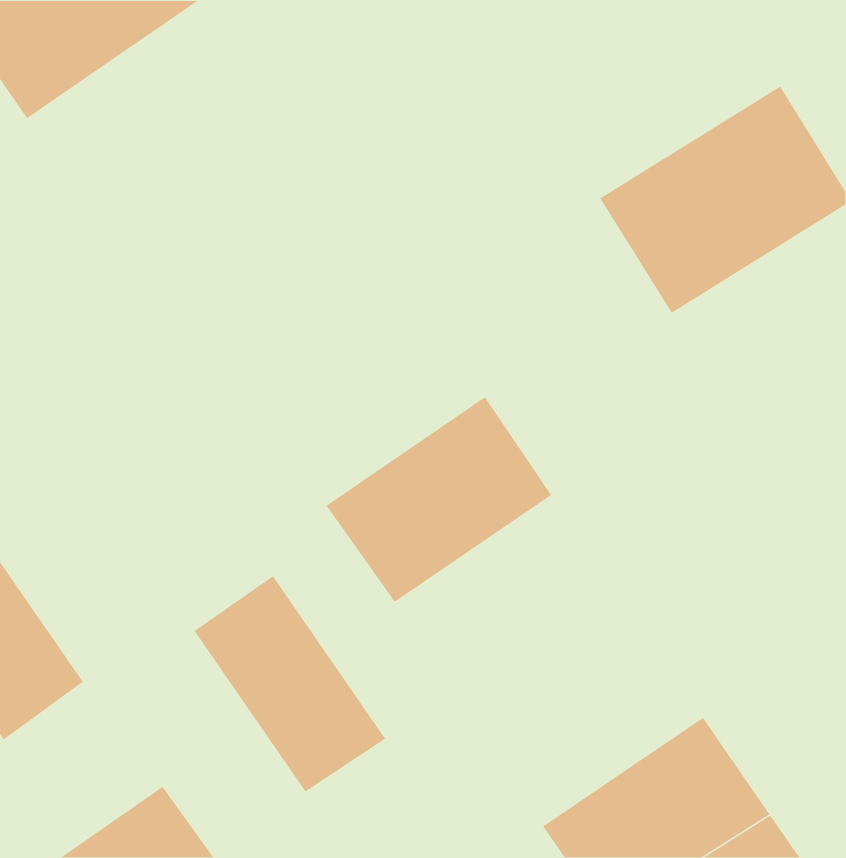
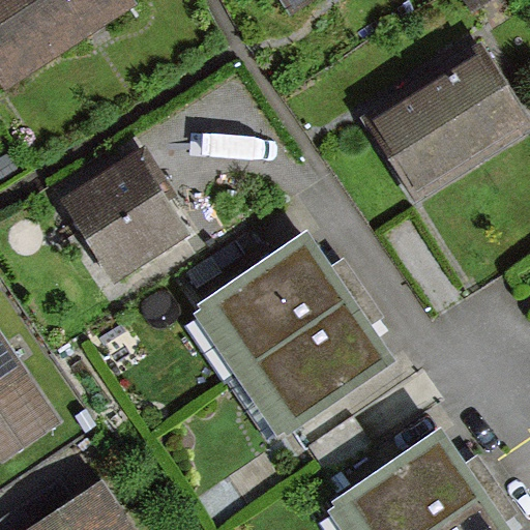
building: none -> [70,150,190,273]
building: none -> [243,305,382,433]
building: [193,575,386,792] -> none

